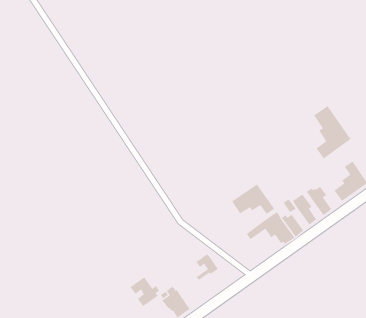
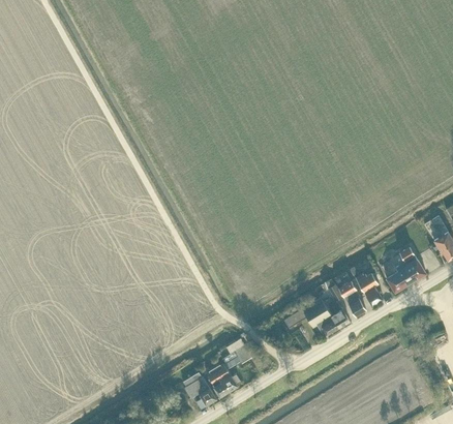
building: [313,105,352,160] -> none
building: [231,183,275,215] -> none
building: [129,276,160,307] -> [206,363,240,397]

